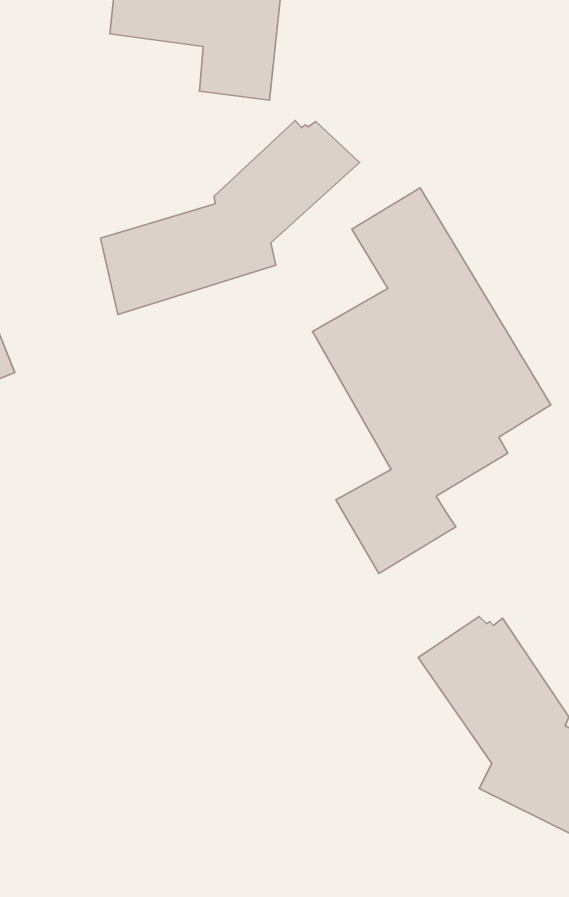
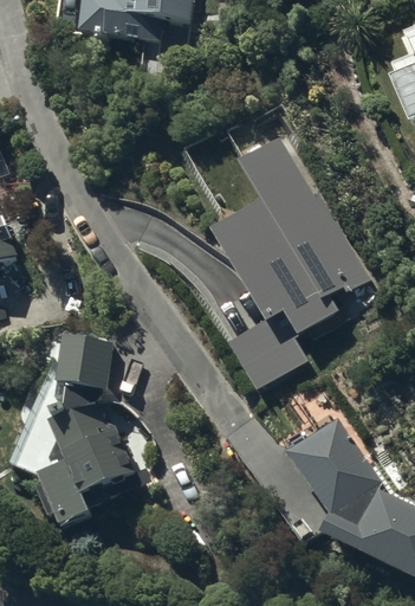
building: [101,121,360,314] -> none
building: none -> [38,335,153,526]

